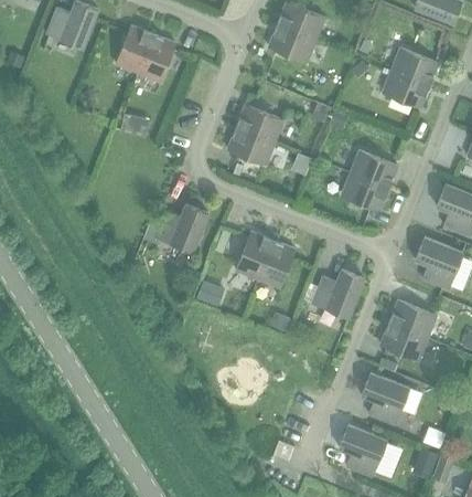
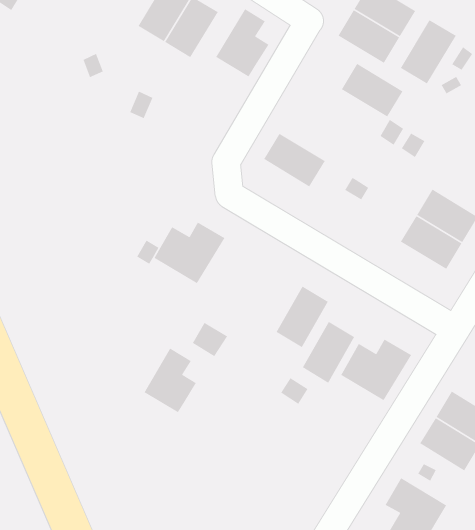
building: none -> [400,19,457,85]
building: none -> [215,8,269,78]
building: [236,105,283,142] -> [341,63,403,118]
building: [236,231,272,278] -> [302,321,355,384]
building: none -> [143,347,197,413]

